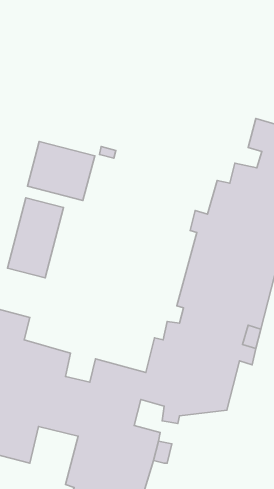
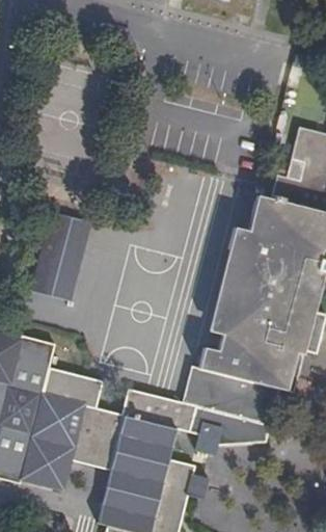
building: [28,142,95,201] -> none

